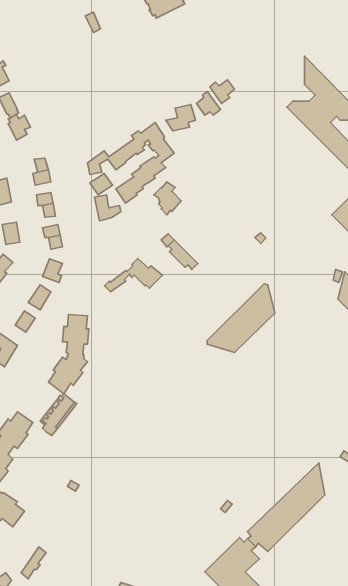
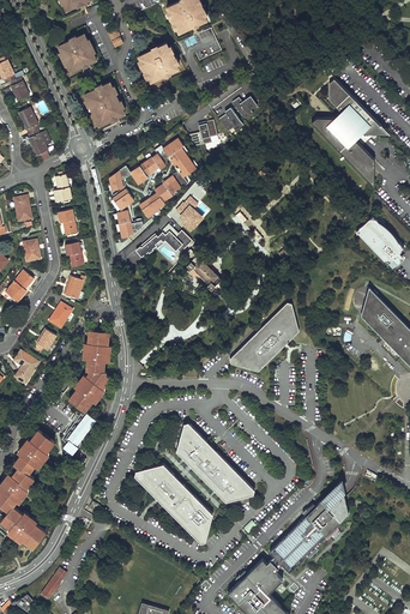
building: none -> [58,34,96,72]
building: none -> [137,42,179,82]
building: none -> [84,82,123,125]
building: [104,259,163,292] -> [133,224,192,258]
building: none -> [175,421,253,500]
building: none -> [133,463,211,542]

